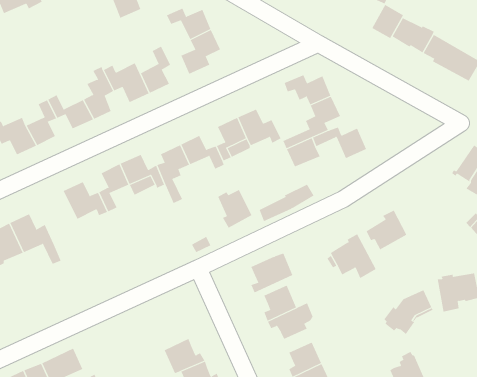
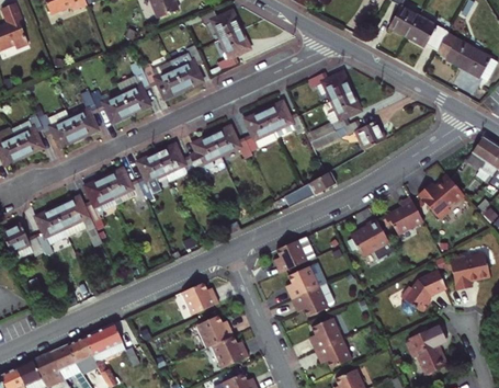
building: none -> [418,172,464,218]
building: [217,189,252,228] -> none
building: none -> [86,178,117,227]
building: none -> [182,281,219,312]

